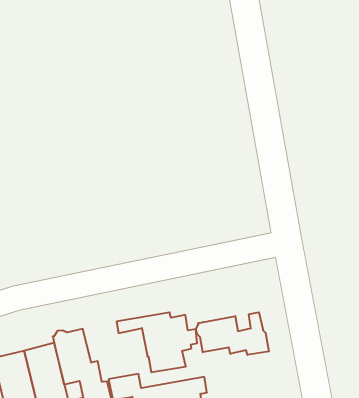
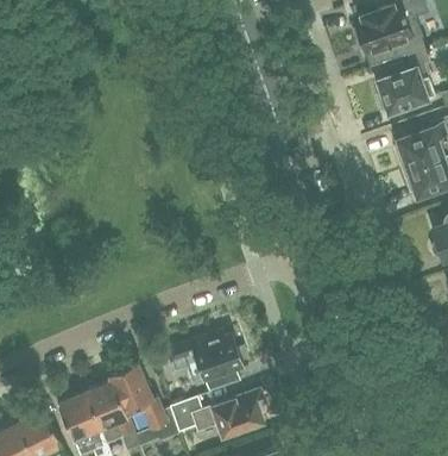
building: [196,312,269,355] -> none

